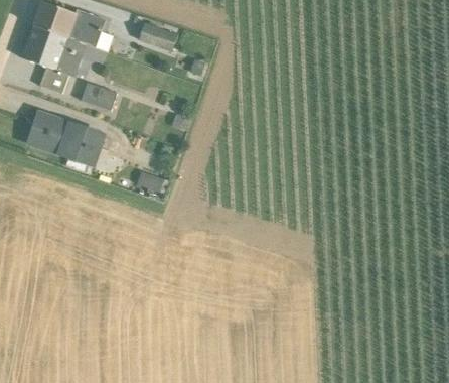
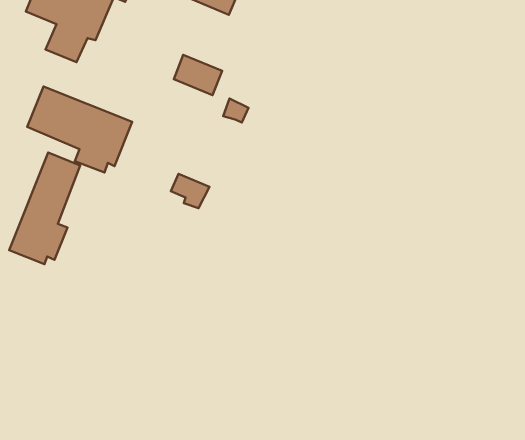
building: [81,82,116,110] -> [174,55,222,95]
building: none -> [9,153,80,264]

